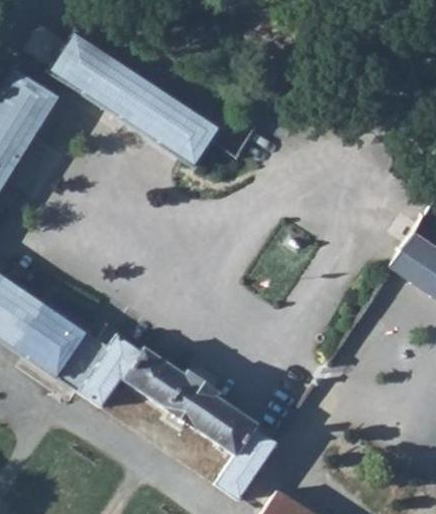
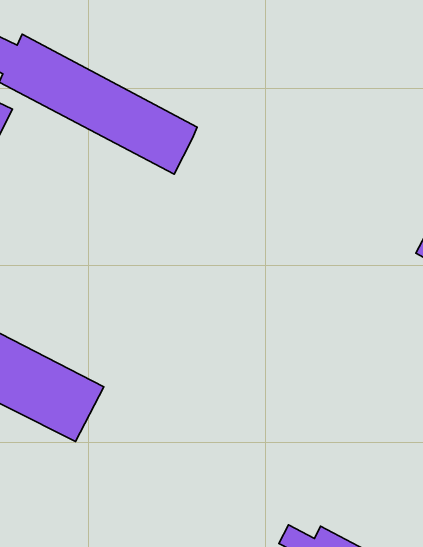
building: [83,337,272,493] -> none

